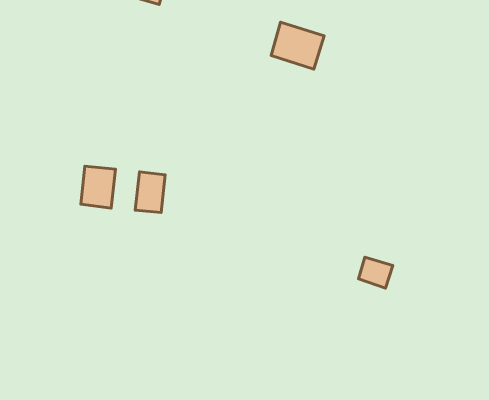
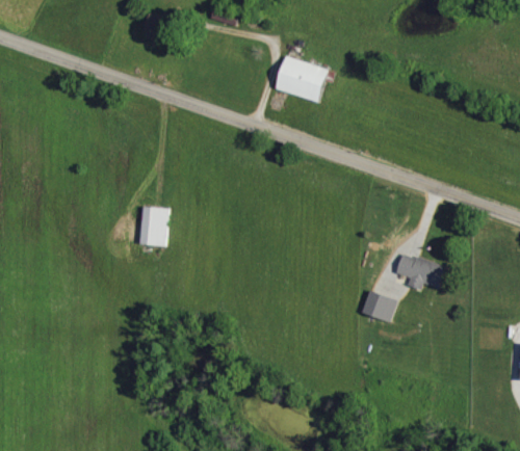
building: [81,166,116,208] -> none
building: none -> [395,251,446,289]

